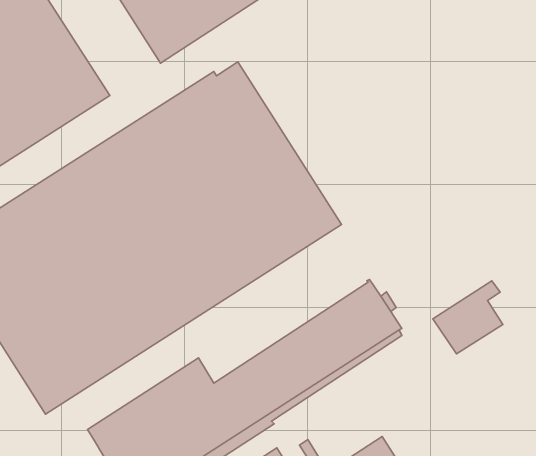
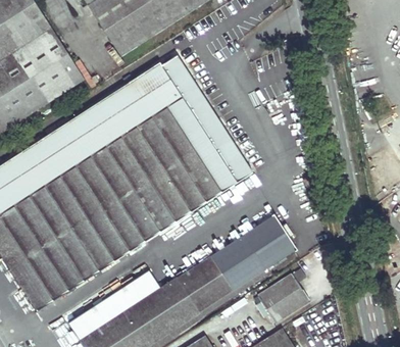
building: [433,281,503,354] -> [257,268,308,321]

